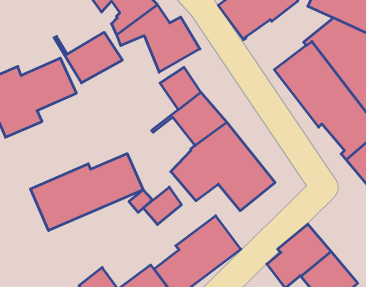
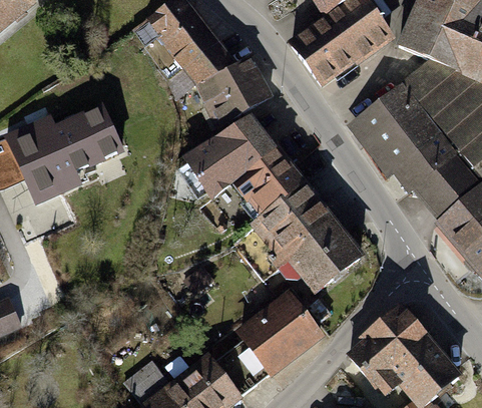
building: [54,32,122,83] -> none
building: none -> [187,137,245,194]
building: [30,154,143,231] -> none
building: [143,187,181,225] -> none

